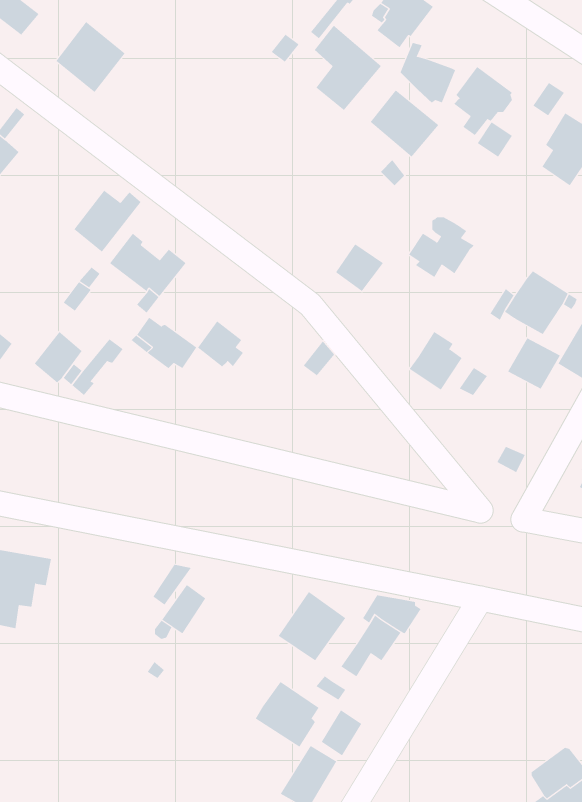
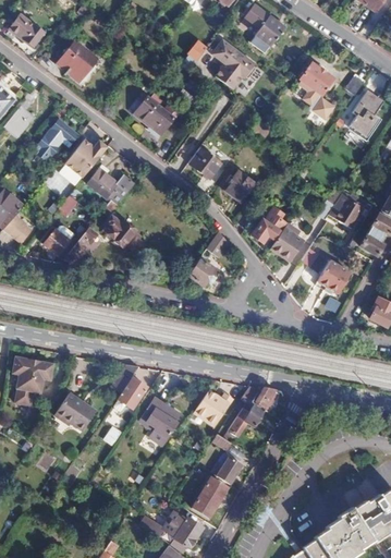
building: [400,42,456,103] -> none
building: [370,90,439,158] -> none
building: none -> [134,94,173,137]
building: none -> [37,120,78,159]
building: none -> [190,148,220,178]
building: [408,217,474,278] -> [247,206,288,243]
building: [197,321,244,367] -> [188,257,217,286]
building: [507,338,561,390] -> [318,263,351,294]
building: none -> [56,395,97,430]
building: [255,681,320,747] -> [140,399,180,439]

